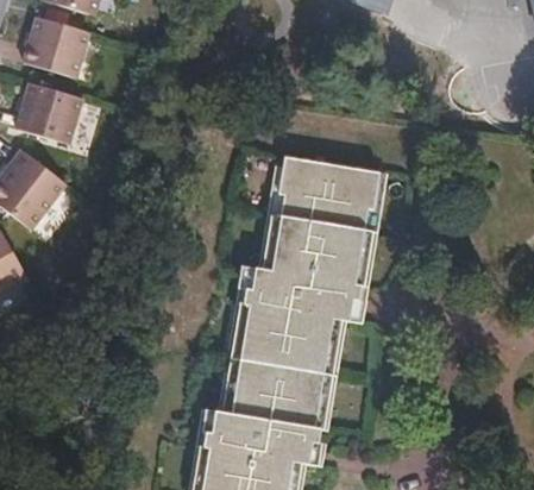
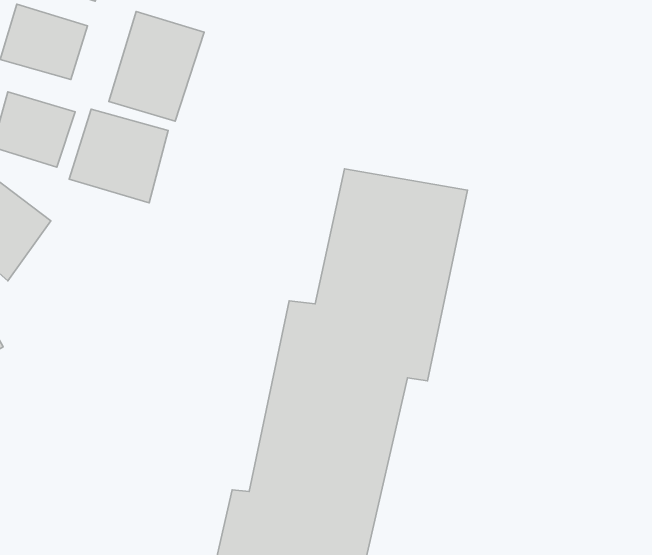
building: none -> [109,12,204,121]
building: none -> [69,109,168,203]

